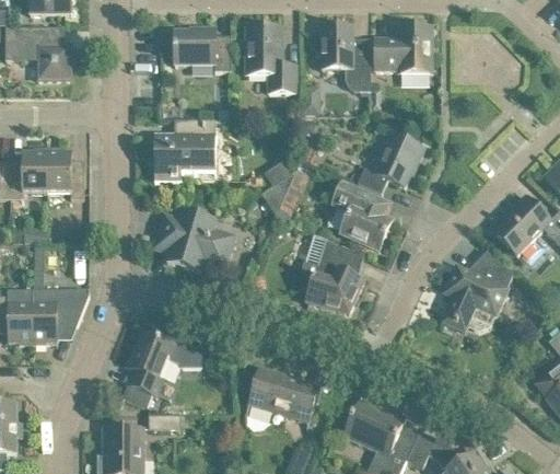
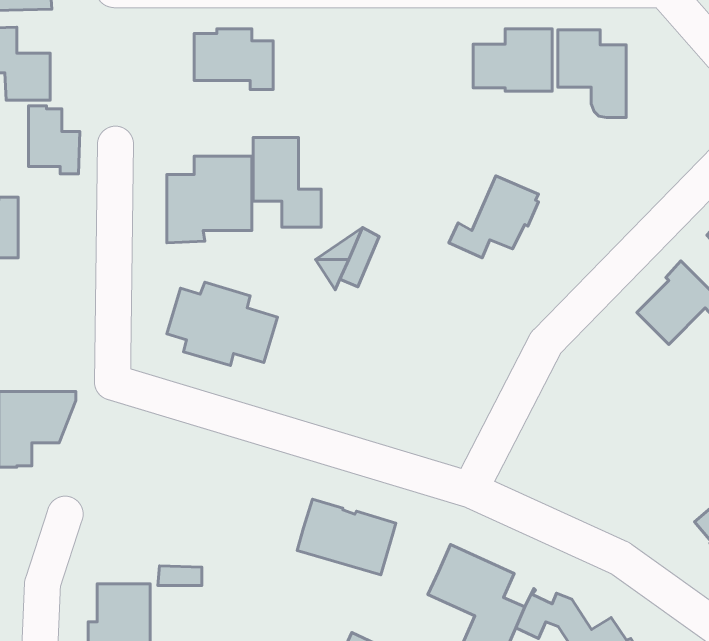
building: [247,26,296,91] -> [253,138,321,227]
building: [322,26,371,90] -> [558,30,626,118]
building: [47,148,84,197] -> [28,106,80,174]
building: [334,182,392,248] -> none
building: [299,232,364,313] -> none
building: [443,256,512,331] -> none
building: [118,331,201,406] -> none

